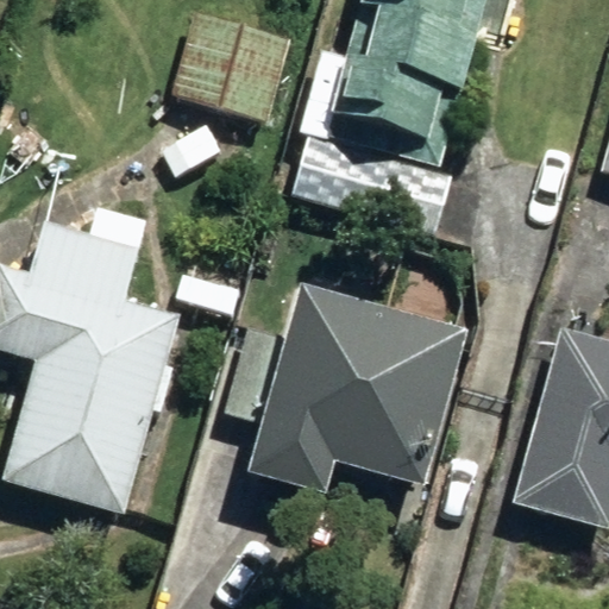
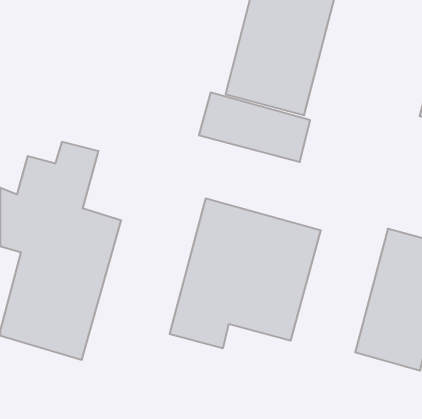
building: [175,8,291,117] -> none

